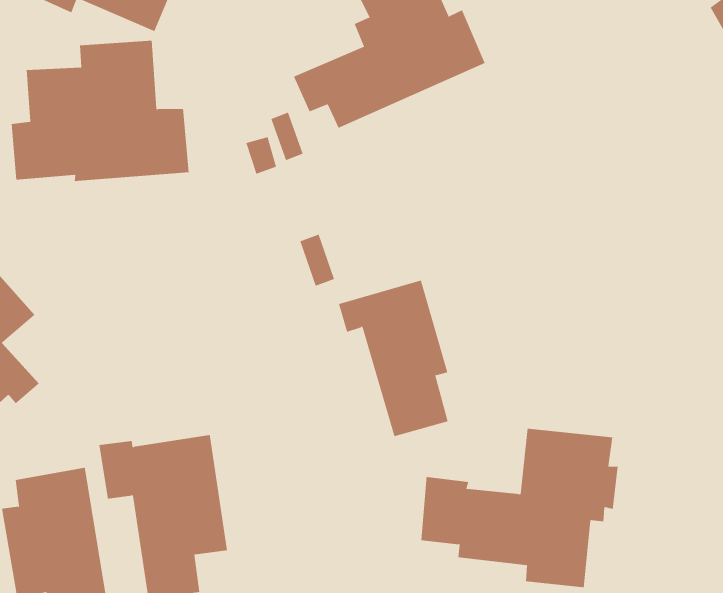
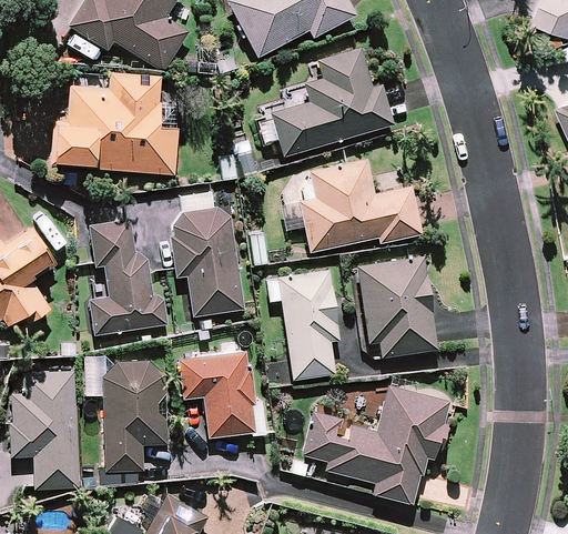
building: none -> [283,161,420,253]
building: none -> [171,208,242,316]
building: none -> [357,258,437,357]
building: none -> [91,222,168,335]
building: none -> [180,353,255,437]

